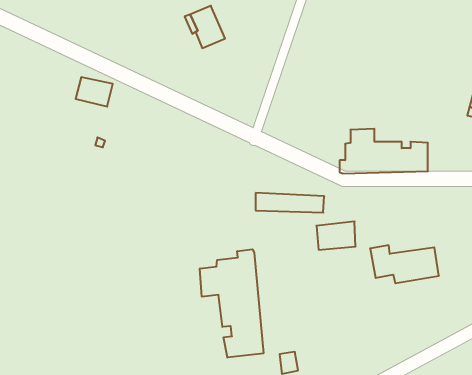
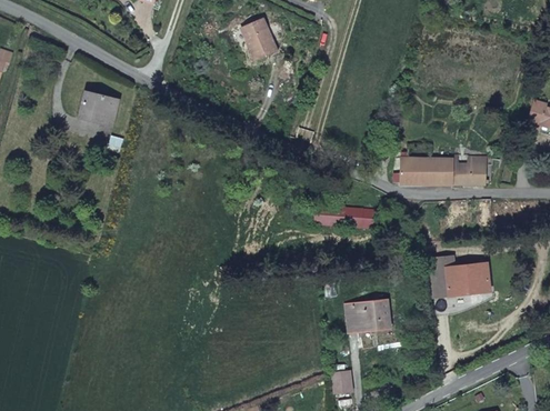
building: [76,77,113,107] -> [81,92,119,122]
building: [316,221,356,250] -> [350,300,390,329]
building: [200,249,263,358] -> none

